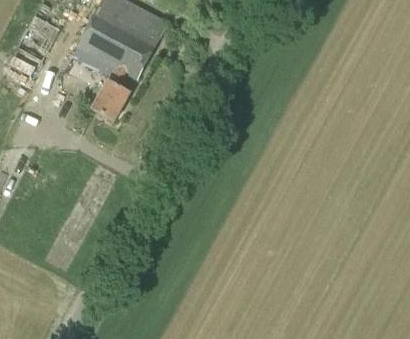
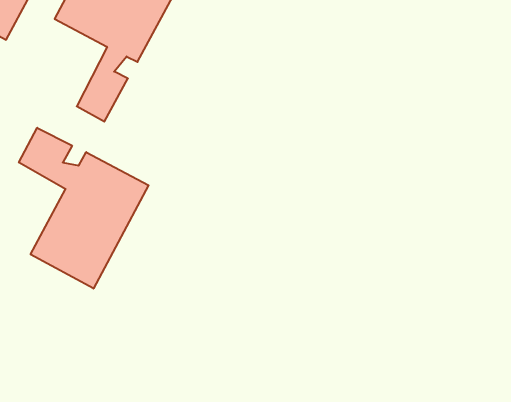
building: none -> [19,128,149,289]

